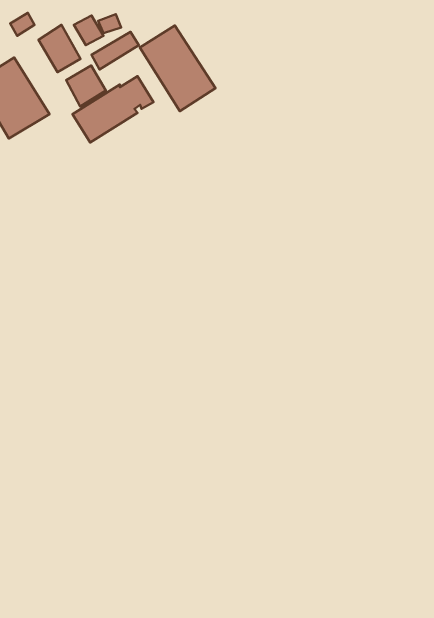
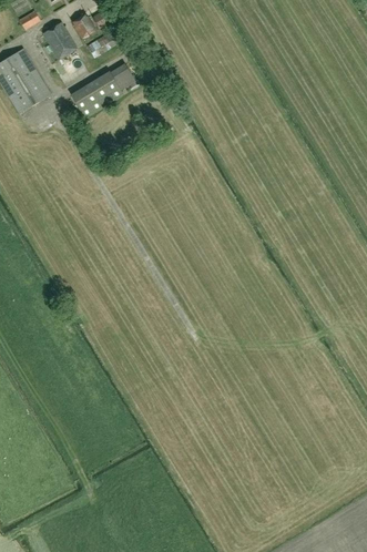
building: [140,26,215,111] -> none
building: [66,66,106,106] -> none

